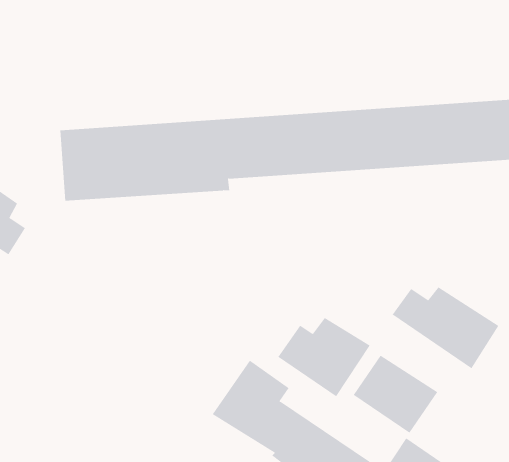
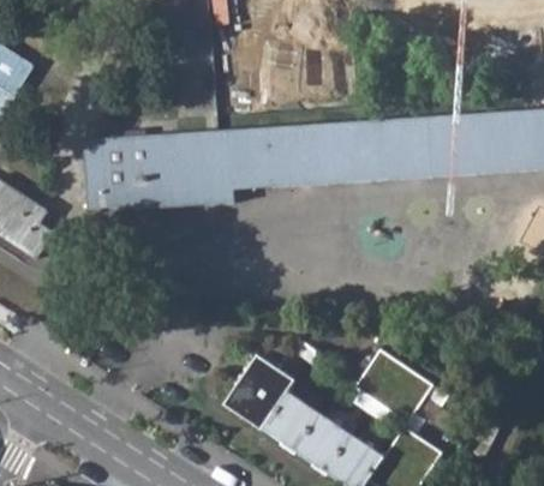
building: [392,287,499,369] -> none
building: [278,317,370,397] -> none

